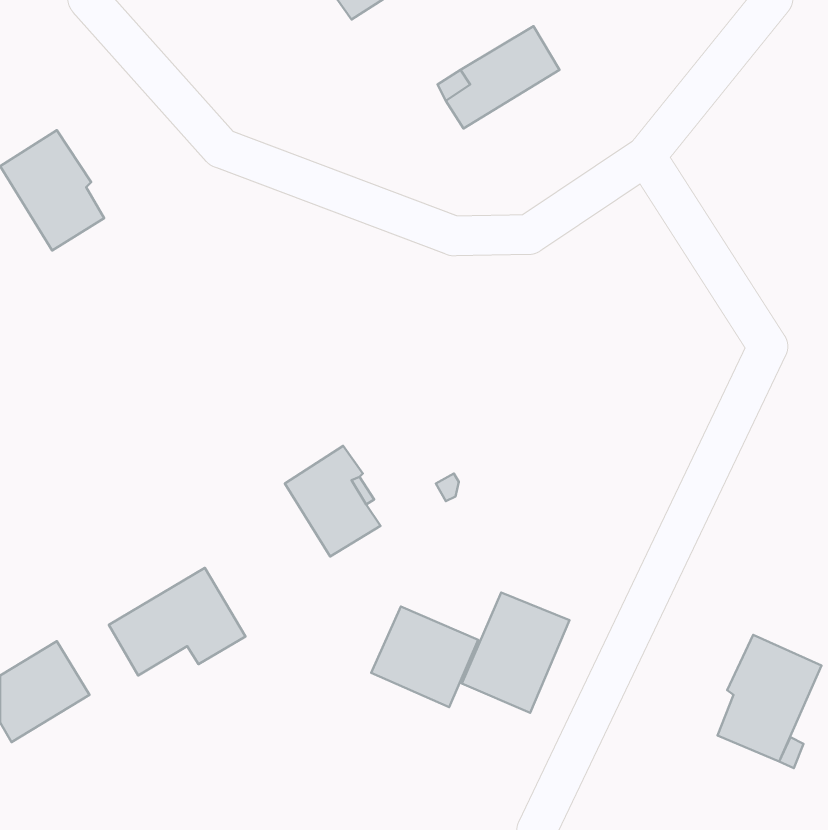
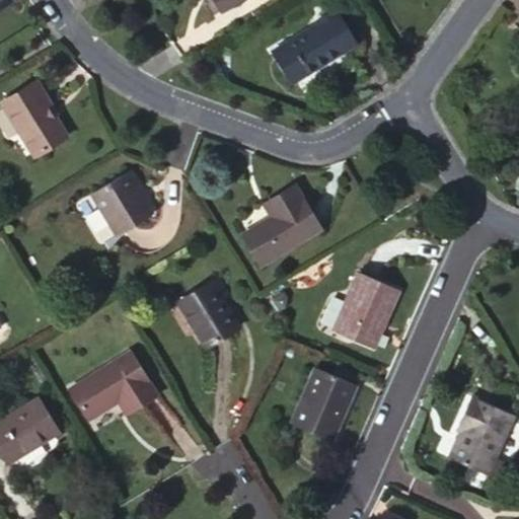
building: none -> [92,172,151,236]
building: none -> [242,189,319,266]
building: none -> [332,273,398,348]
building: [371,607,478,707] -> none

